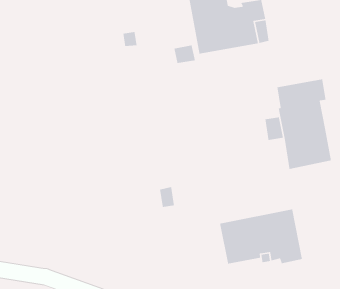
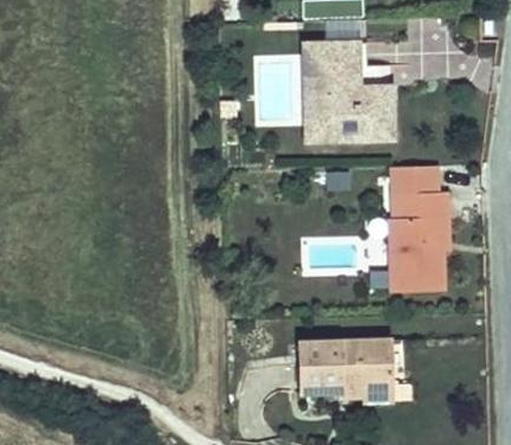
building: none -> [392,164,440,192]

